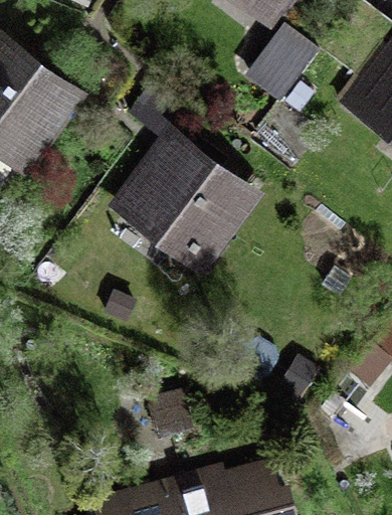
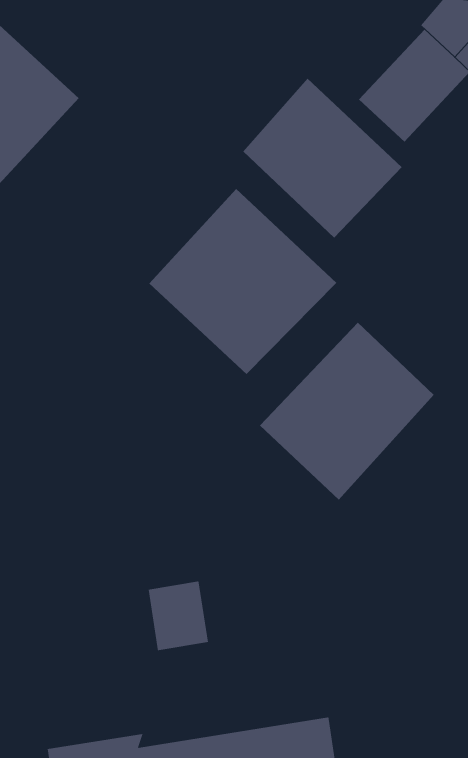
building: none -> [242,78,402,238]
building: none -> [259,322,435,500]

